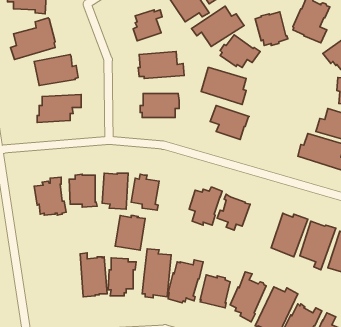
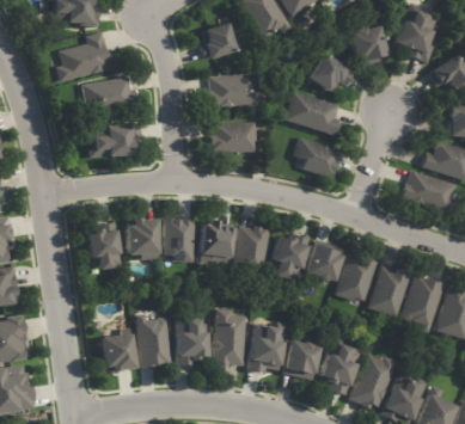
building: [191,6,244,47] -> none
building: none -> [334,252,377,301]
building: [115,215,145,250] -> [234,226,270,268]
building: none -> [99,334,133,371]

